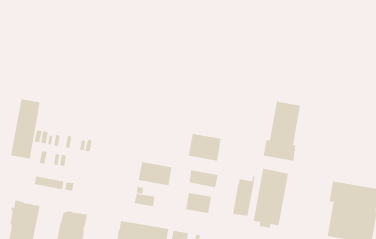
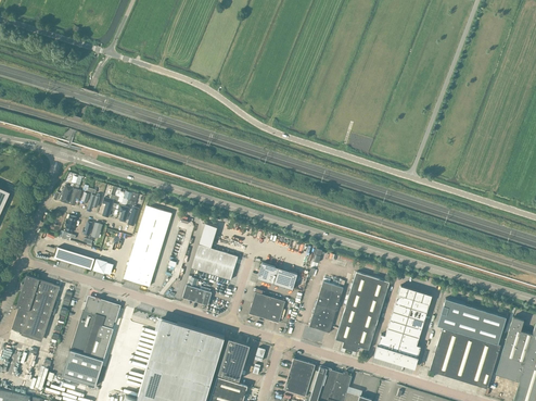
building: [10,99,40,159] -> [124,205,171,286]
building: [263,101,301,161] -> [374,286,432,367]
building: [188,133,221,161] -> none

